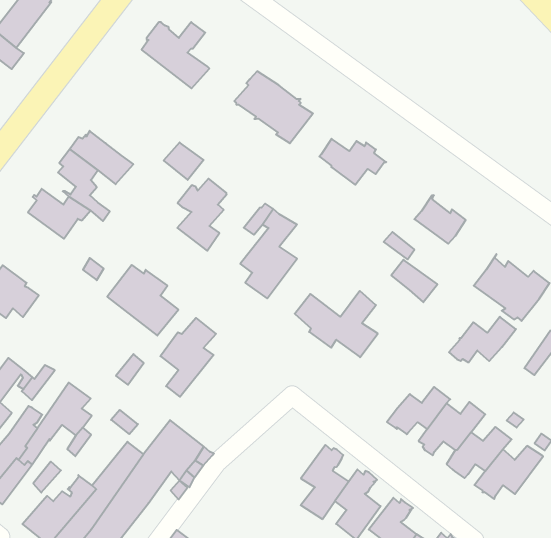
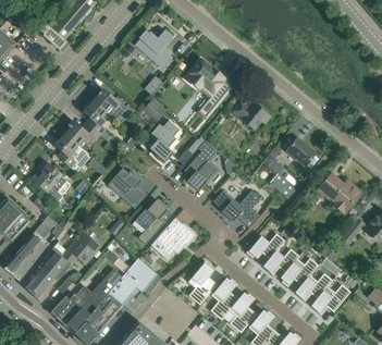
building: none -> [54,133,89,172]
building: [449,317,516,362] -> [246,233,285,258]
building: none -> [150,217,197,256]
building: none -> [188,260,217,304]

